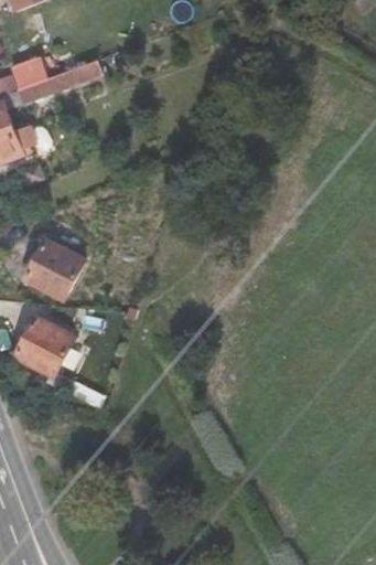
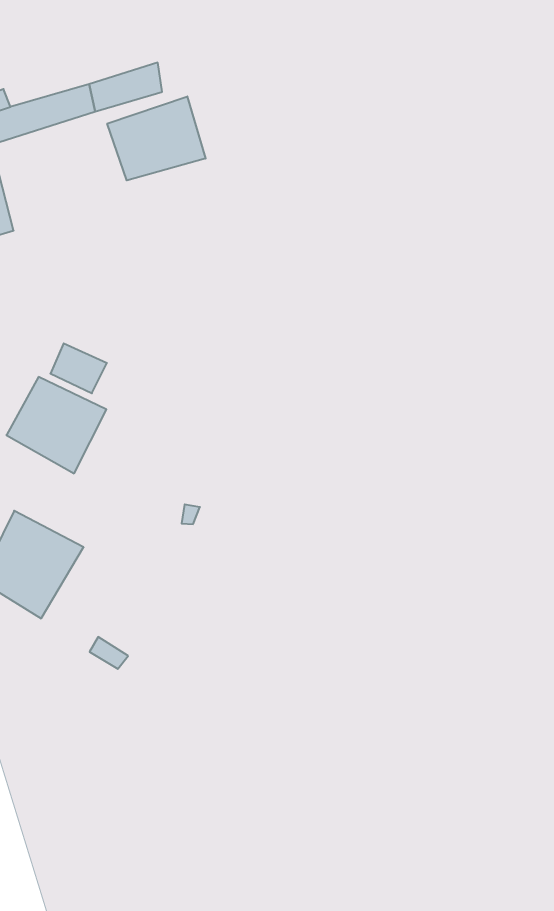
building: none -> [107,96,206,180]

